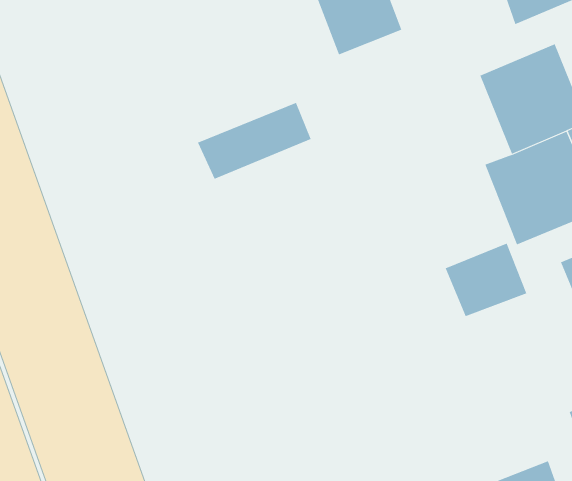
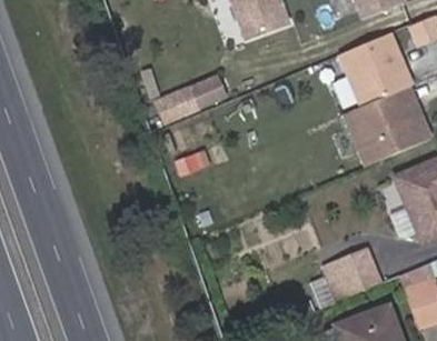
building: [445,243,527,317] -> [325,250,379,299]

